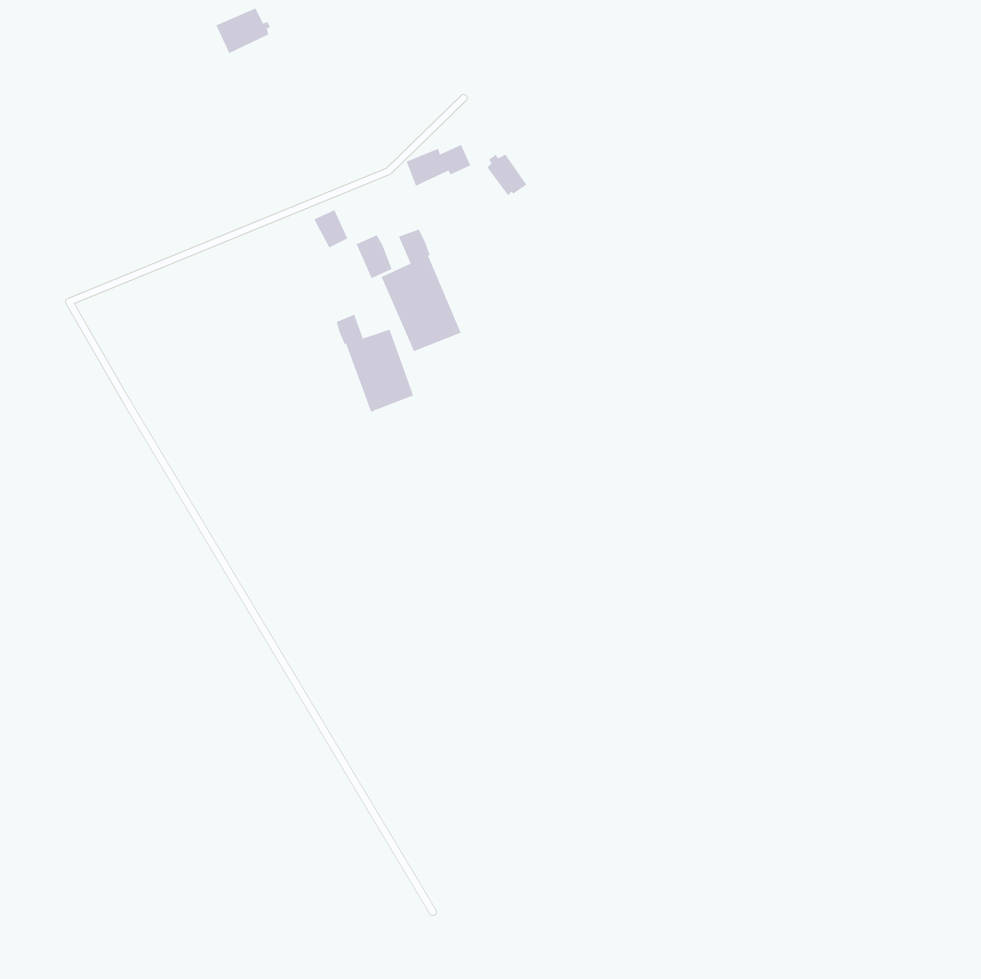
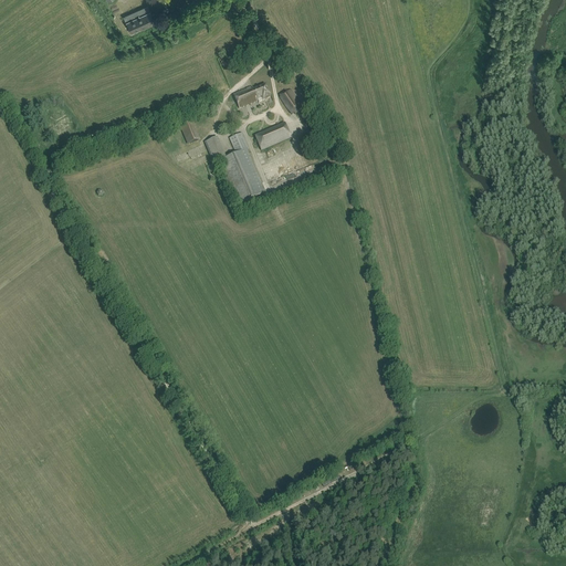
building: none -> [255,122,292,149]
building: [336,314,414,413] -> none

